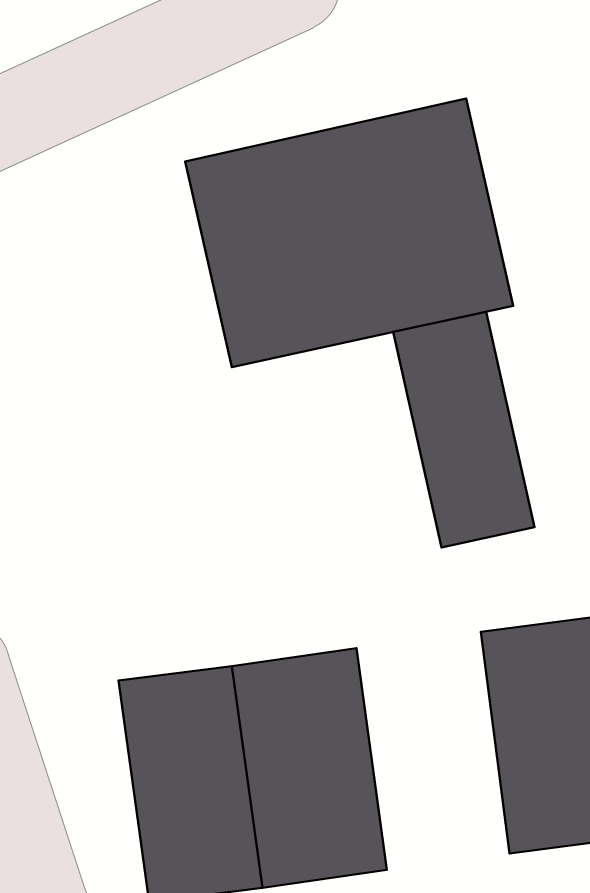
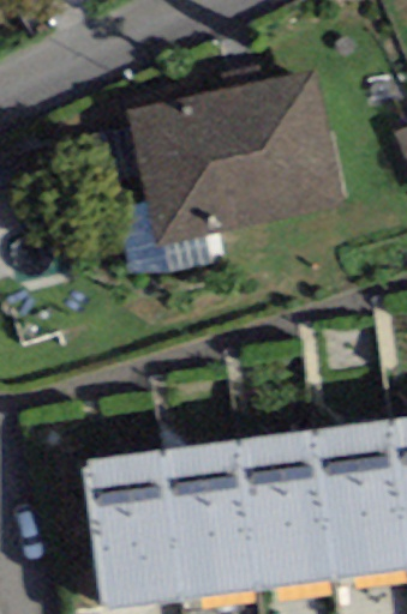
building: [393,312,535,547] -> none
building: none -> [239,428,341,586]

